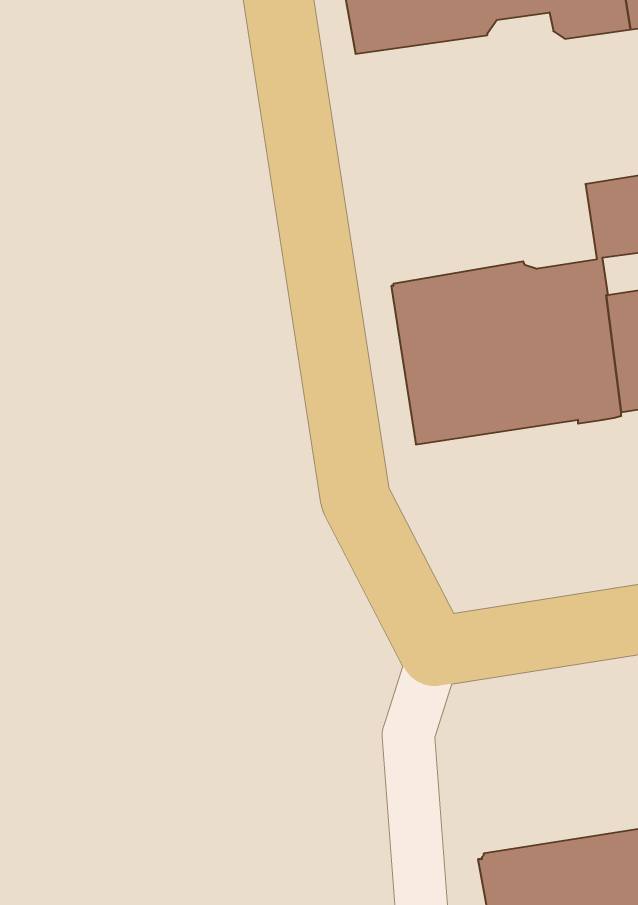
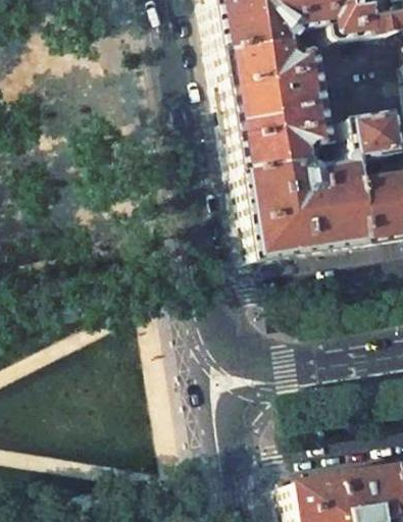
building: none -> [218,36,325,171]

